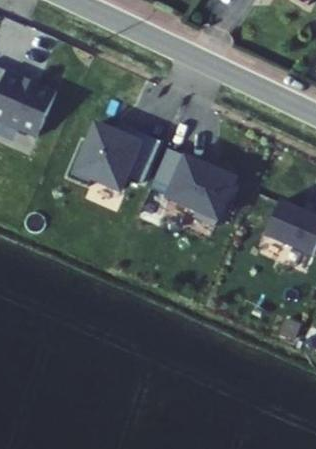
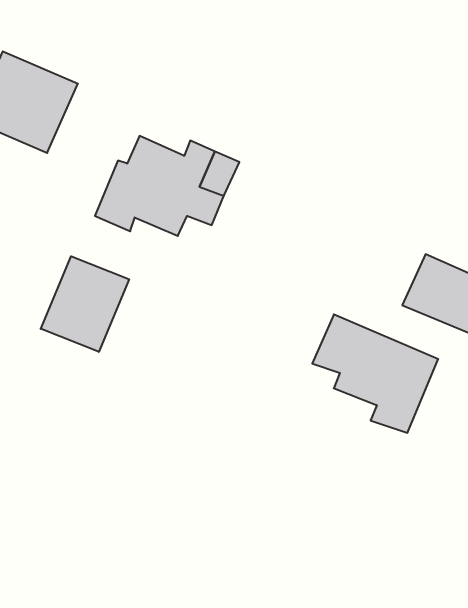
building: [160,148,242,225] -> [312,314,438,433]
building: none -> [41,256,129,352]

